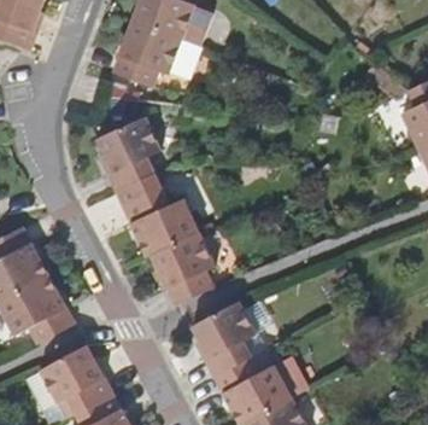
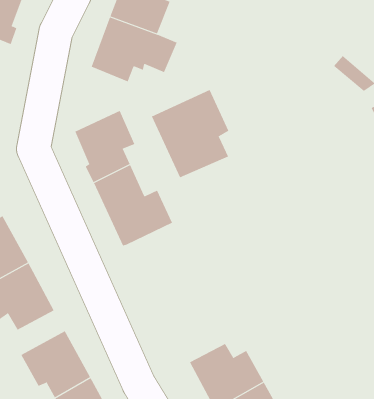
building: none -> [151,89,229,178]
building: [151,233,213,305] -> none
building: [192,301,257,377] -> none

